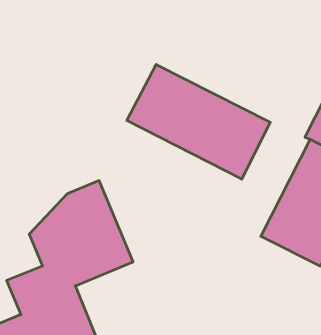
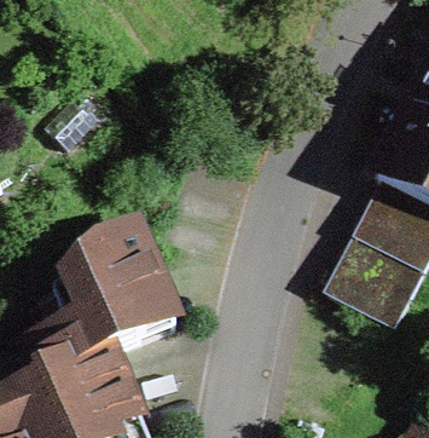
building: [127,64,270,179] -> none

